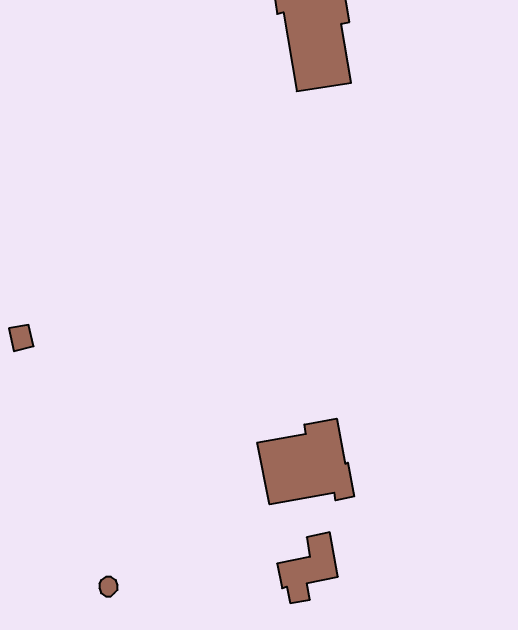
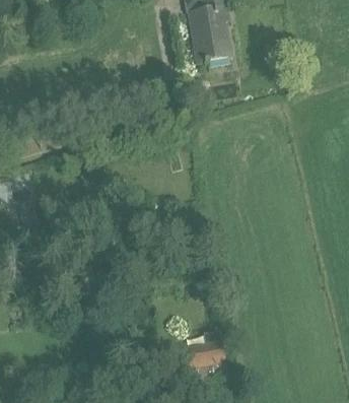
building: [257,419,354,504] -> none

